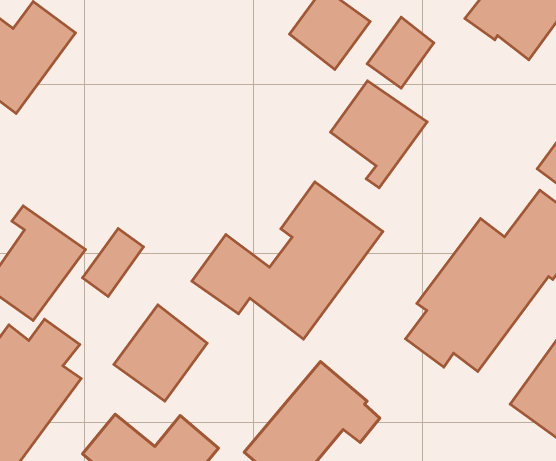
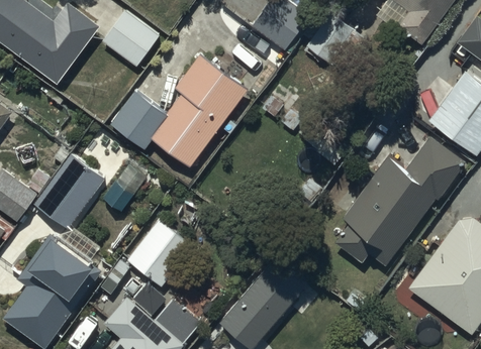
building: none -> [102,9,161,67]
building: [330,81,427,188] -> none
building: [192,182,383,339] -> [111,54,248,166]

